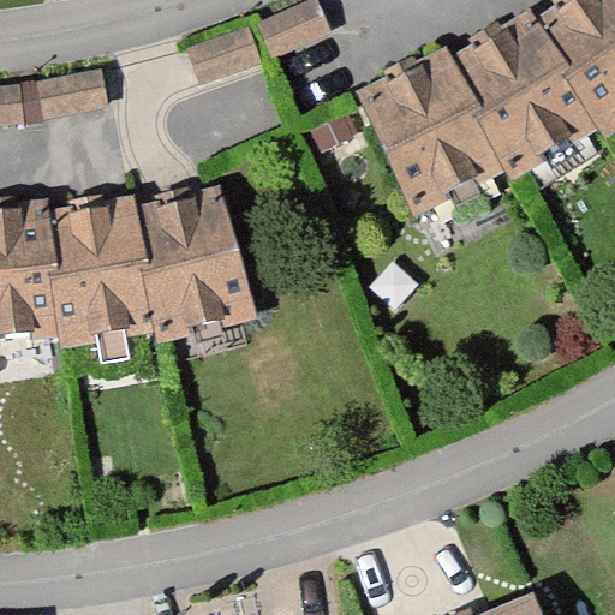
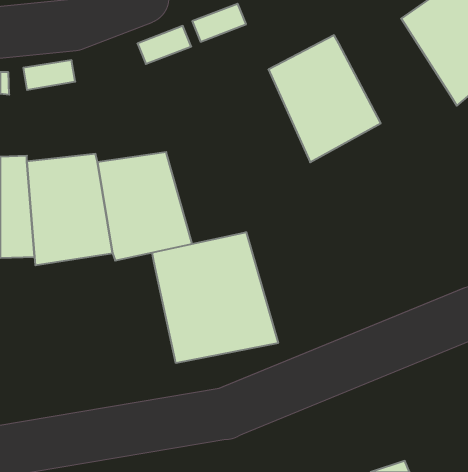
building: [447,12,591,177] -> none
building: none -> [152,232,278,363]

